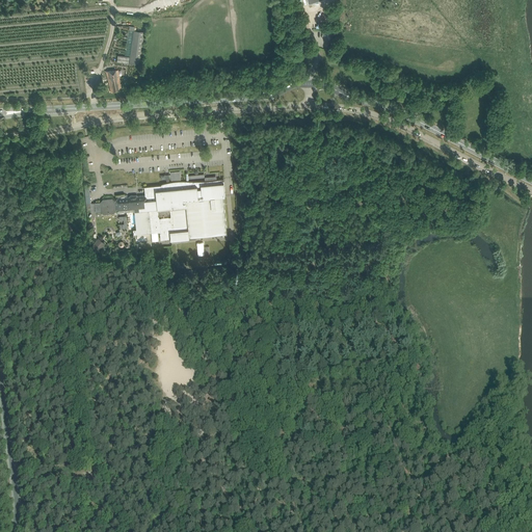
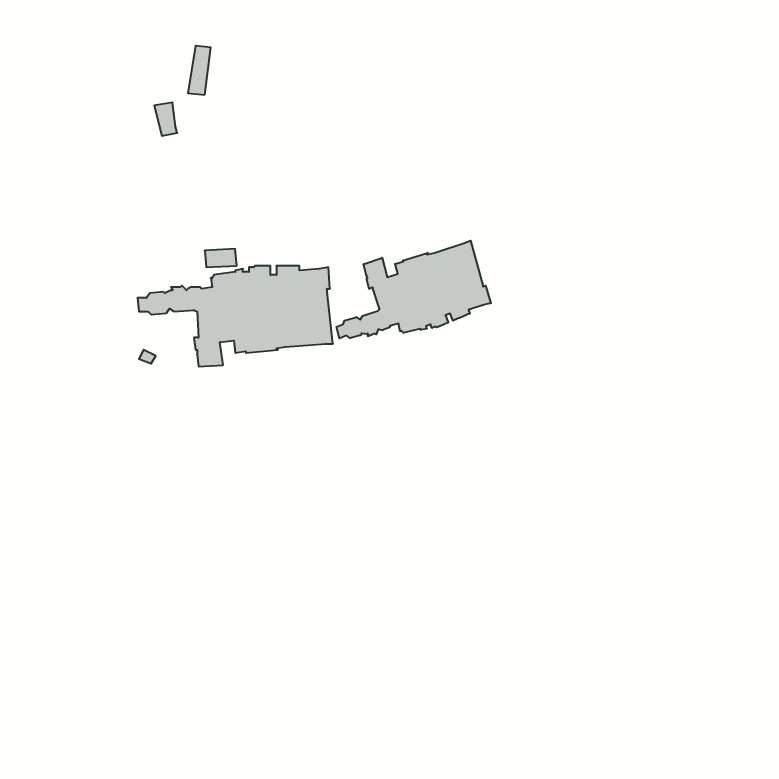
building: none -> [336,241,491,338]

